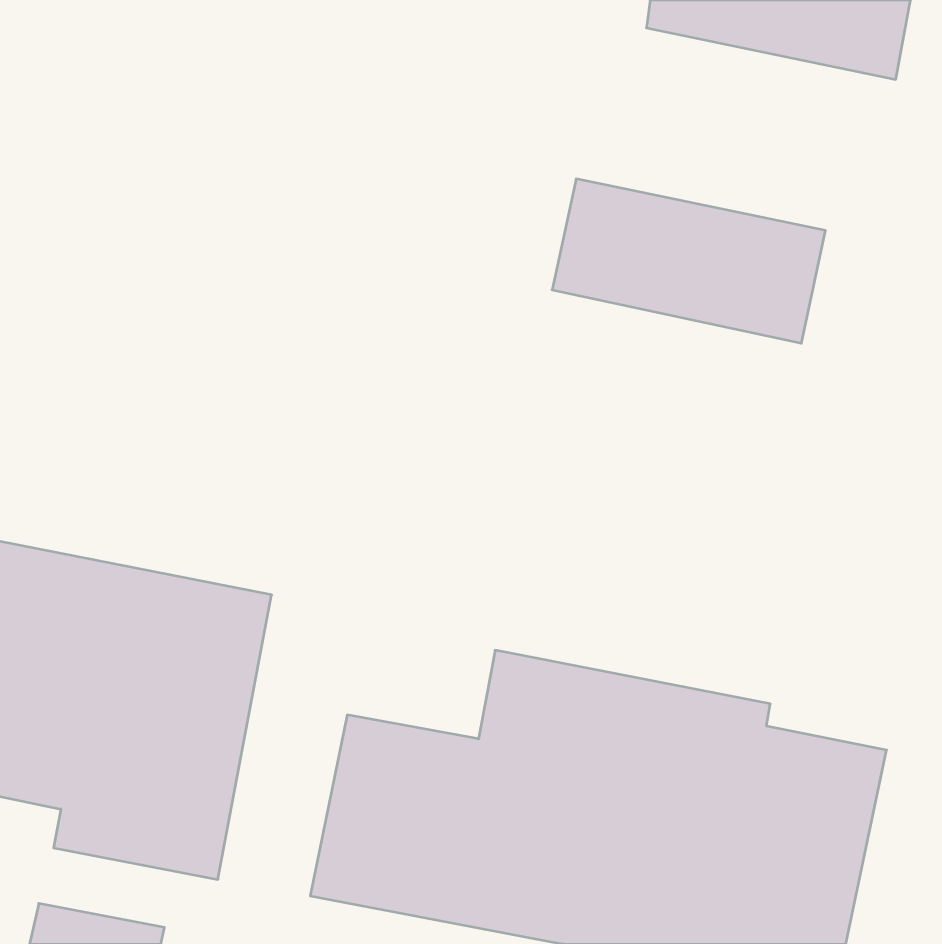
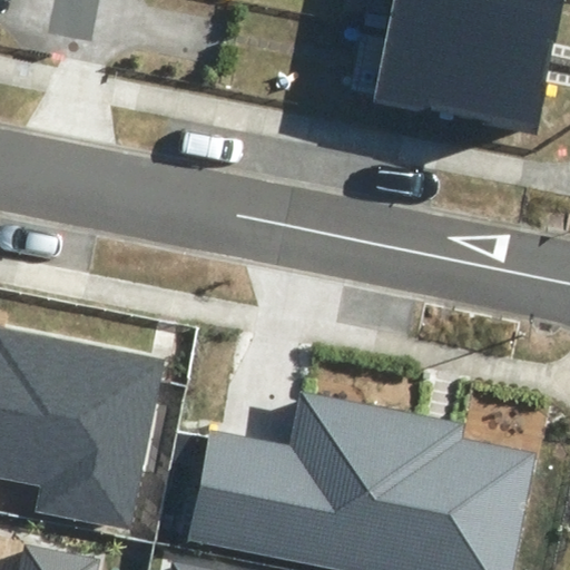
building: [552,179,825,343] -> [375,17,540,116]

